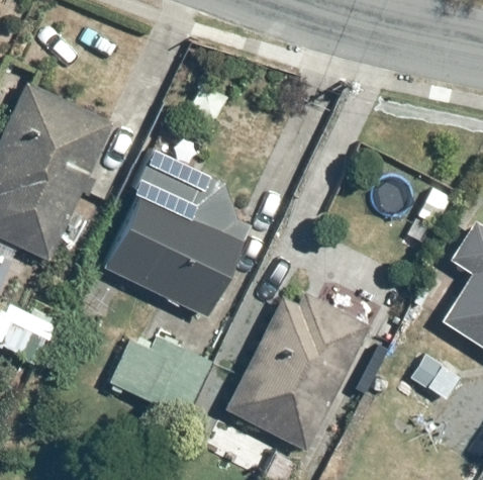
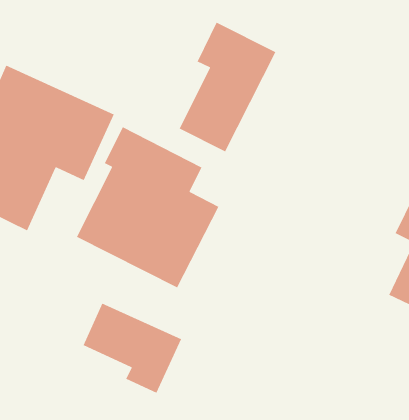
building: none -> [178,22,276,153]
building: [224,284,395,451] -> none

